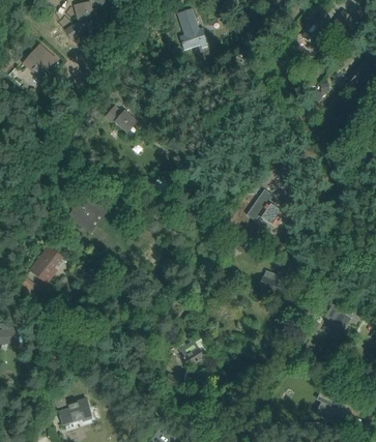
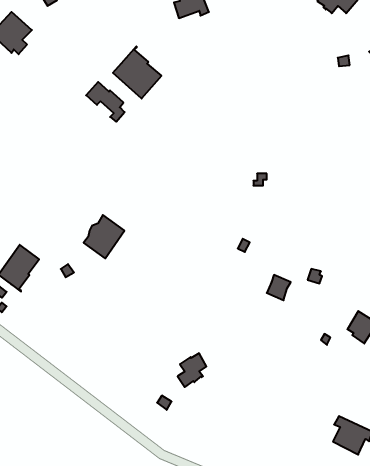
building: none -> [113,46,161,99]
building: [247,189,285,226] -> none
building: [67,191,103,229] -> [84,215,124,258]
building: [59,397,91,424] -> none

